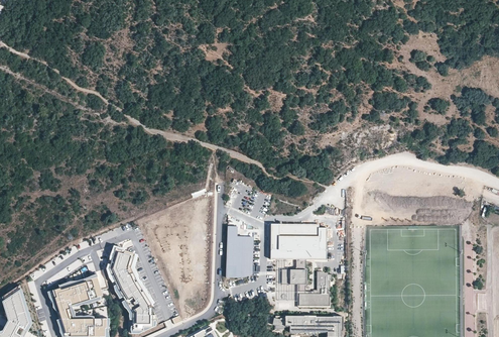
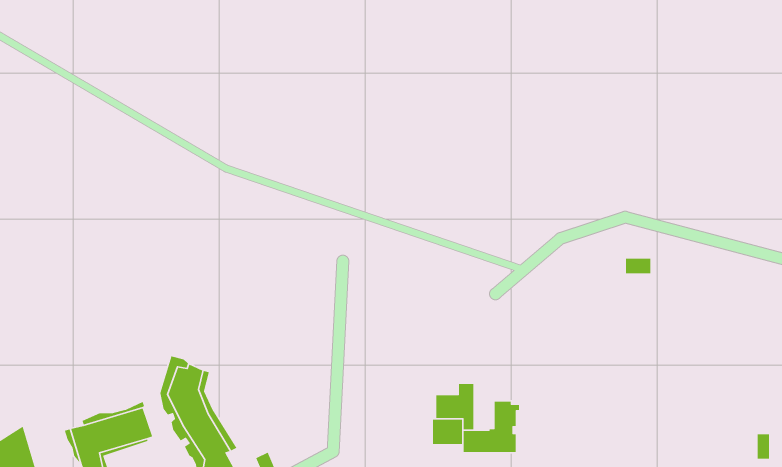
building: [269,224,325,258] -> none
building: [228,227,253,276] -> none

